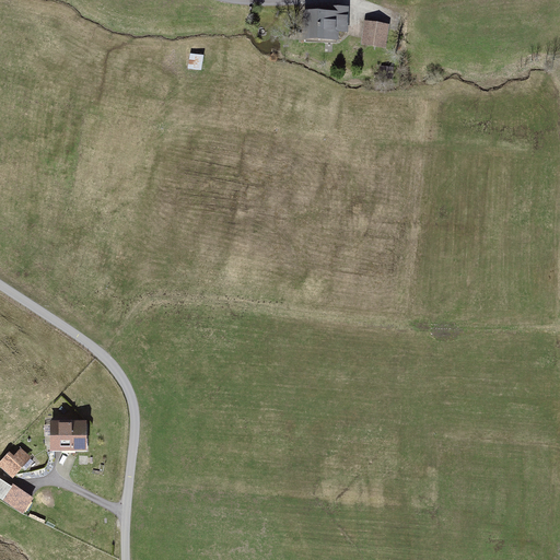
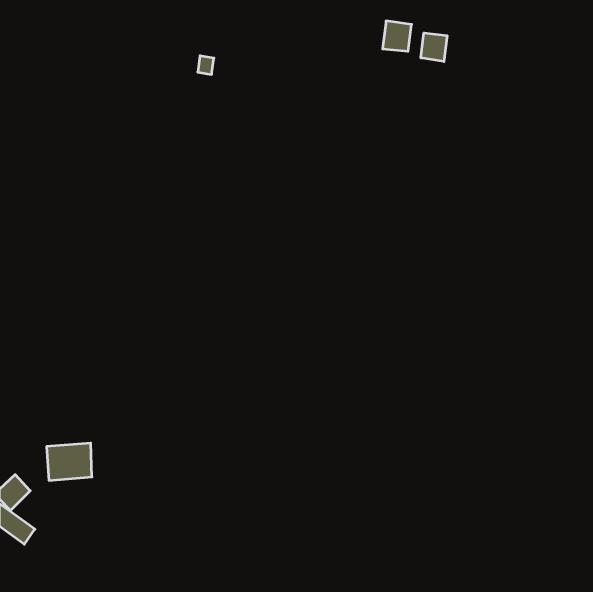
building: [312,7,350,40] -> none
building: none -> [421,33,447,62]

